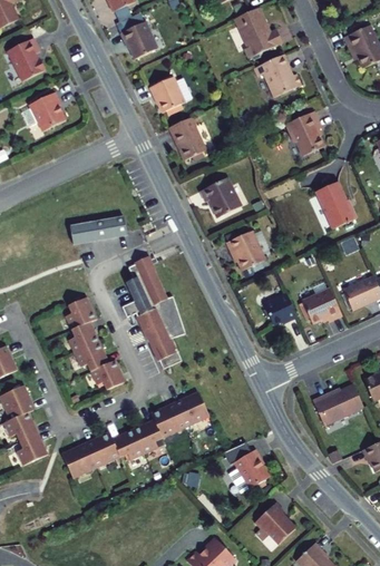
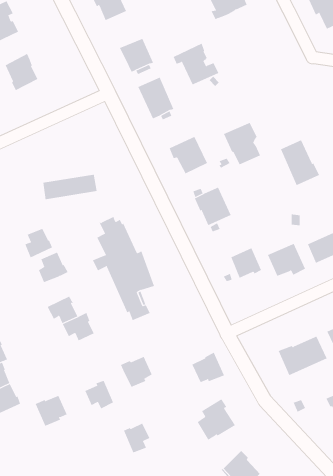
building: [254,53,302,97] -> [173,43,219,85]
building: [285,111,324,156] -> [223,122,261,165]
building: [69,323,98,354] -> [25,228,53,258]
building: [175,392,210,424] -> [191,352,225,383]
building: [134,422,162,453] -> [123,423,150,453]
building: [87,433,120,466] -> none

